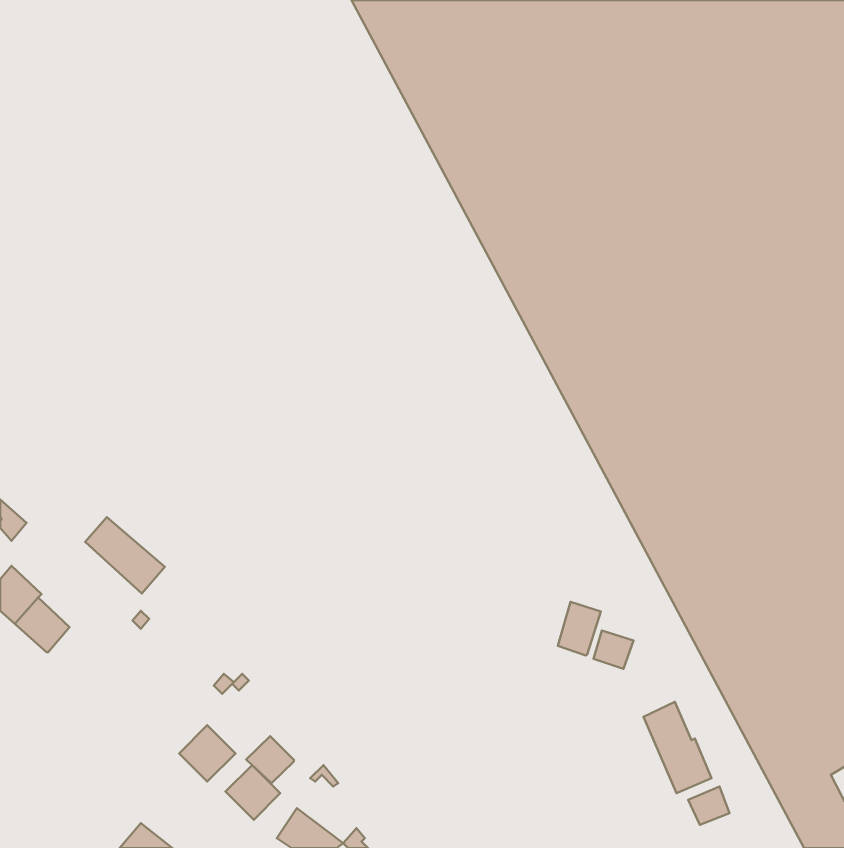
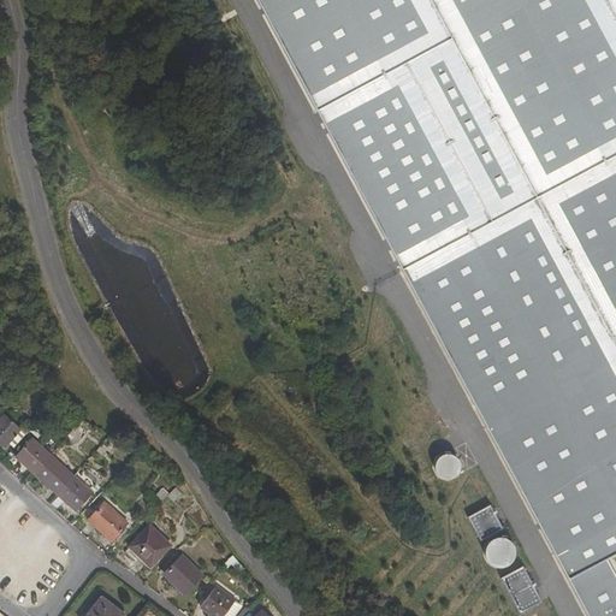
building: [85,517,165,593] -> [37,455,95,510]
building: [558,602,601,655] -> none
building: none -> [84,497,130,540]
building: [246,736,294,783] -> none

